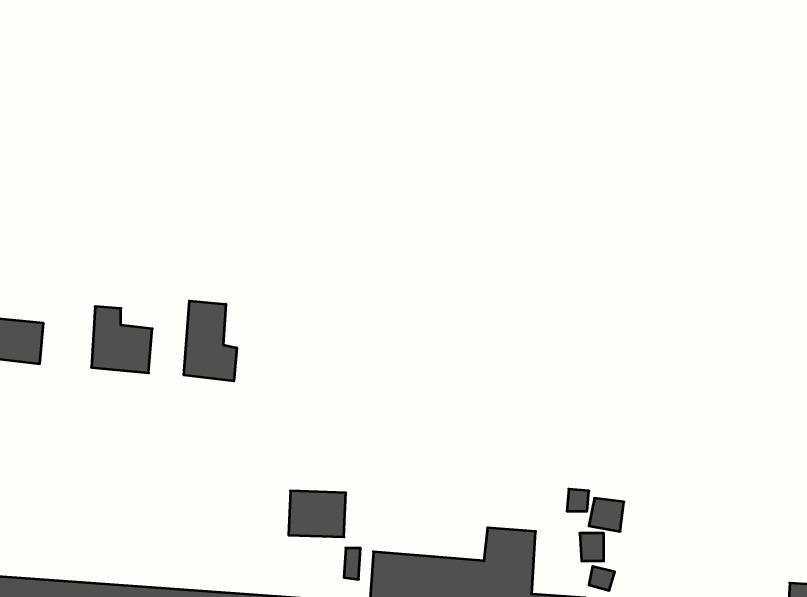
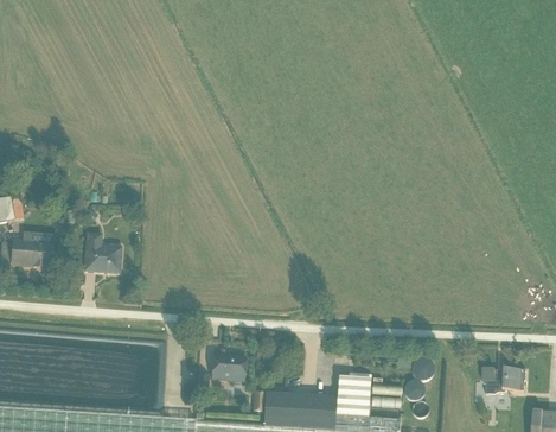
building: [184,301,237,381] -> none
building: none -> [480,368,522,393]

